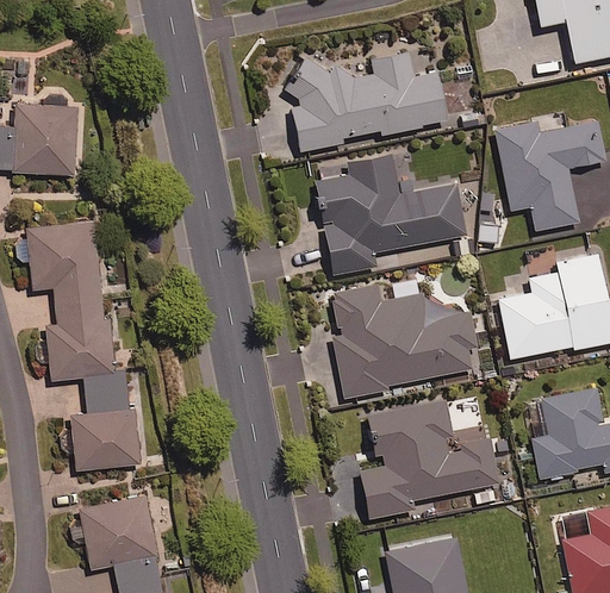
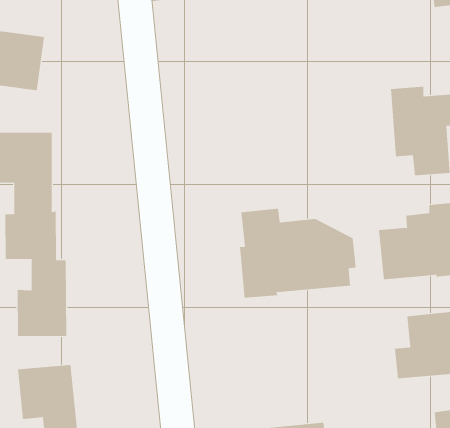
building: [285,52,446,151] -> none
building: [316,155,466,274] -> none
building: [357,399,498,518] -> none

